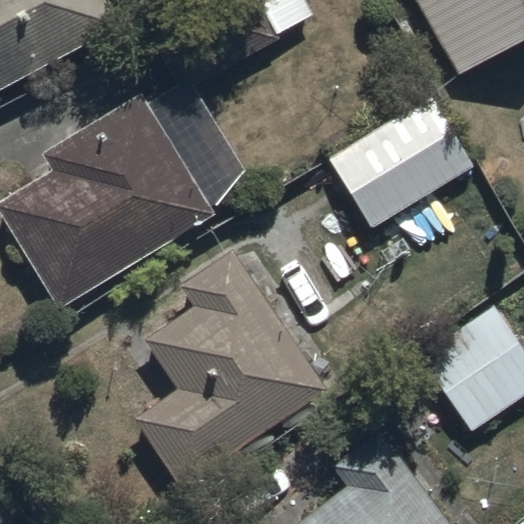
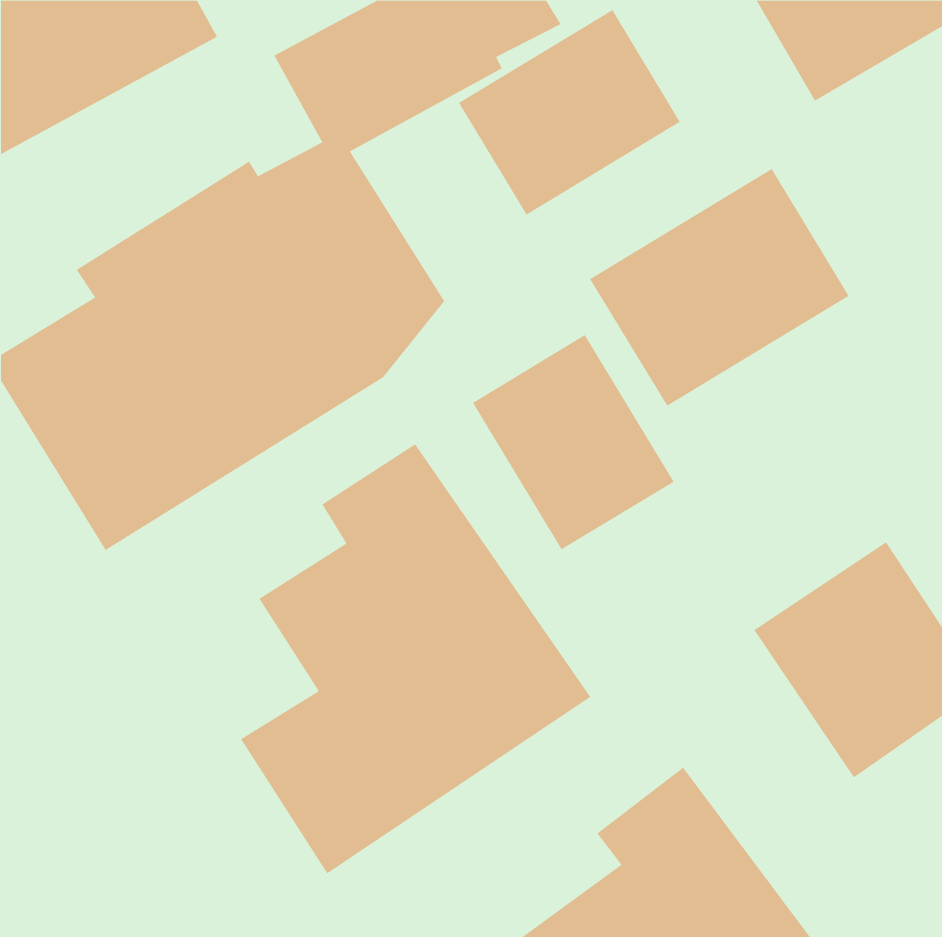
building: none -> [458,9,681,216]
building: none -> [472,334,674,550]

